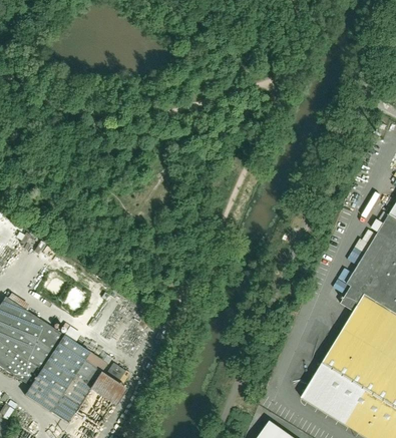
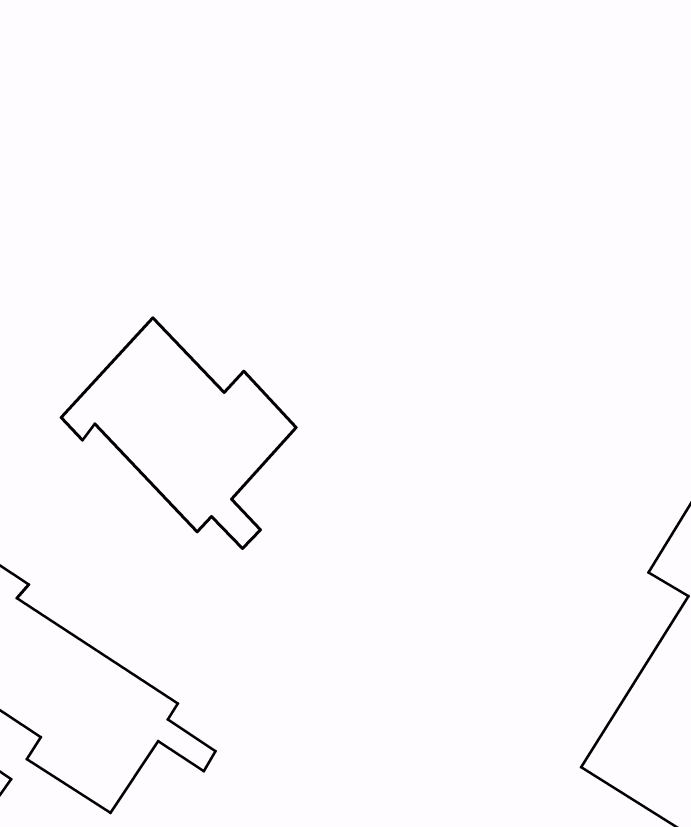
building: none -> [61,318,296,548]

